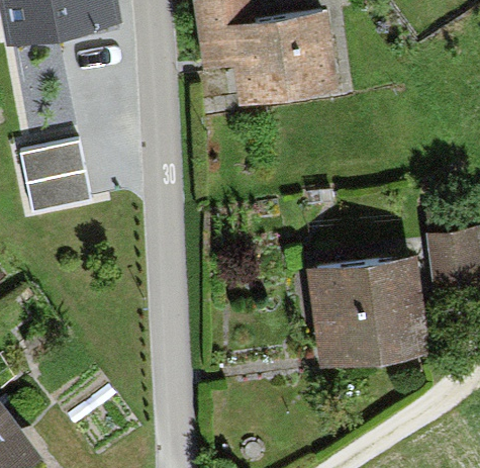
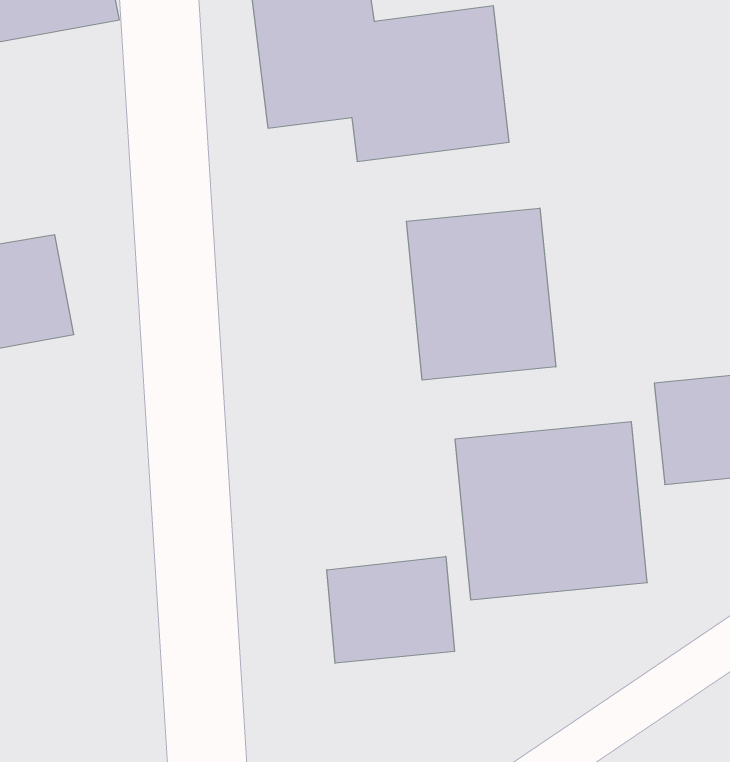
building: none -> [406,208,556,380]
building: none -> [327,556,455,663]

